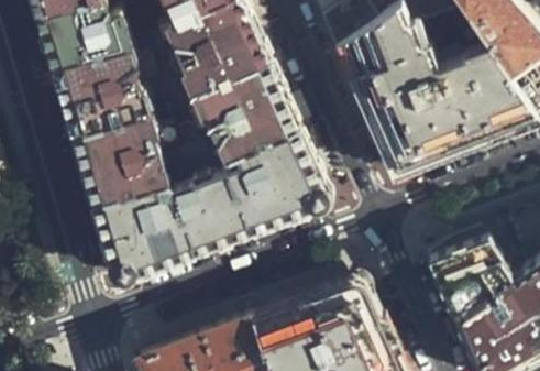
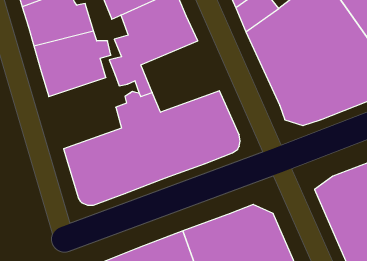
building: [196,65,300,160] -> none
building: [74,113,177,208] -> none

